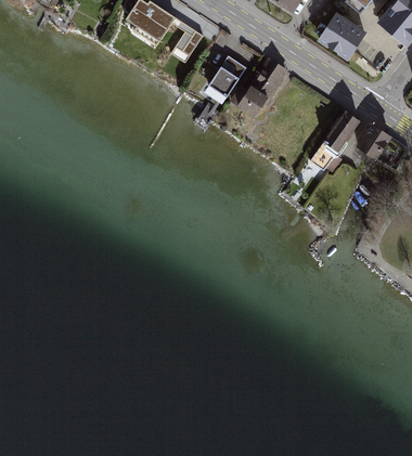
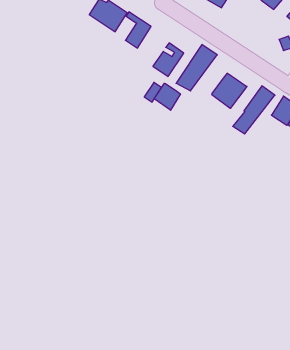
building: [317,11,366,60] -> none
building: none -> [212,73,247,108]
building: none -> [154,83,180,110]

